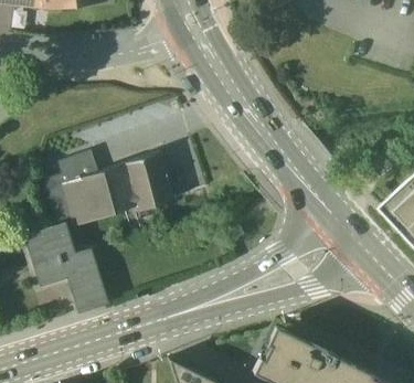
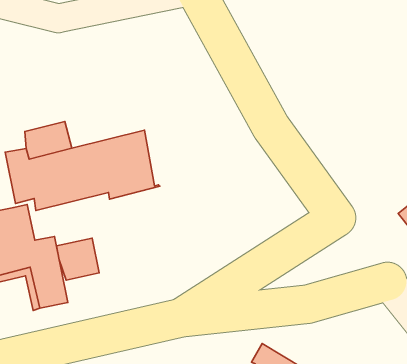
building: none -> [57,238,99,280]

